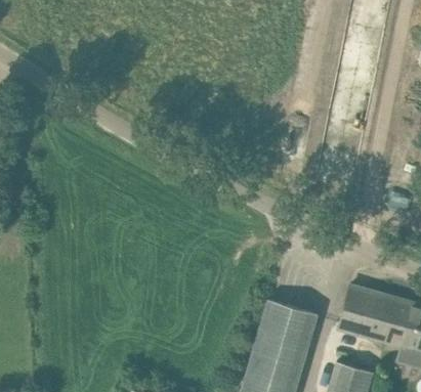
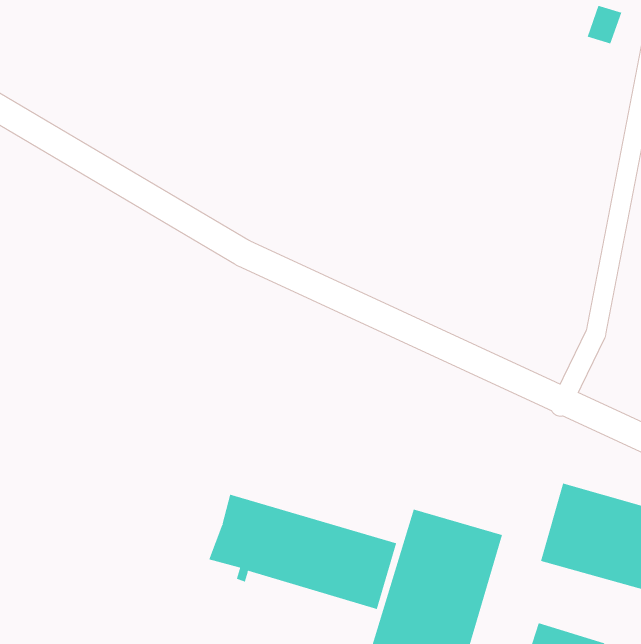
building: none -> [209,494,397,610]

